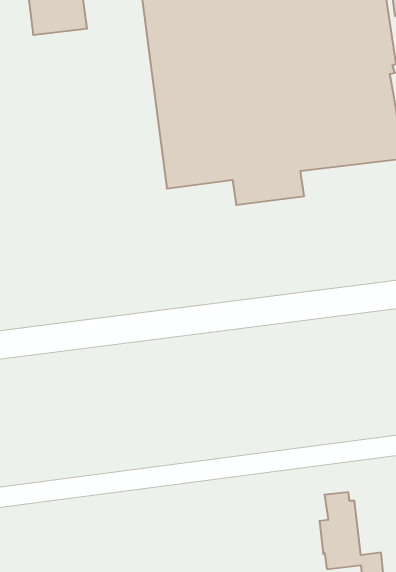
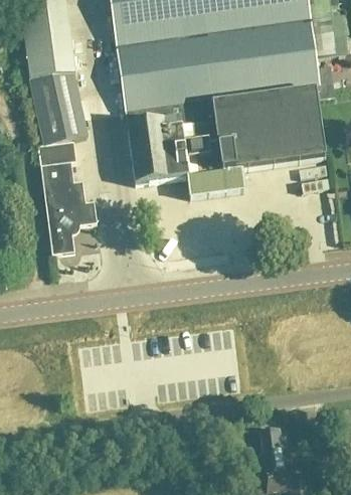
building: none -> [30,71,97,253]

